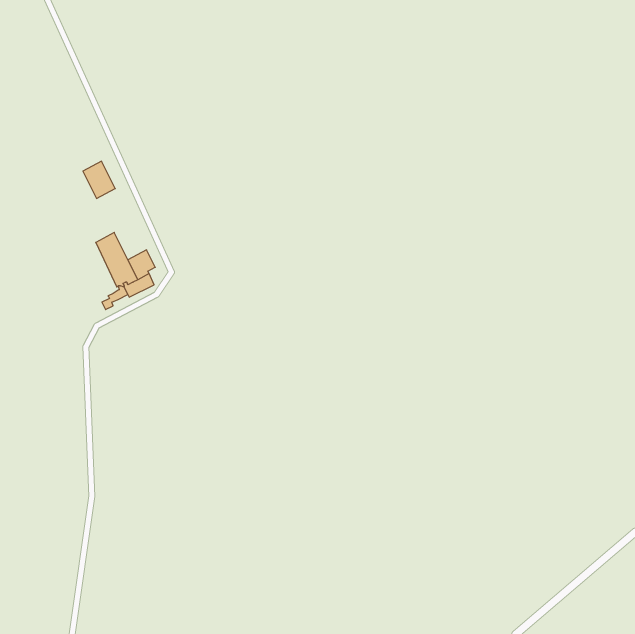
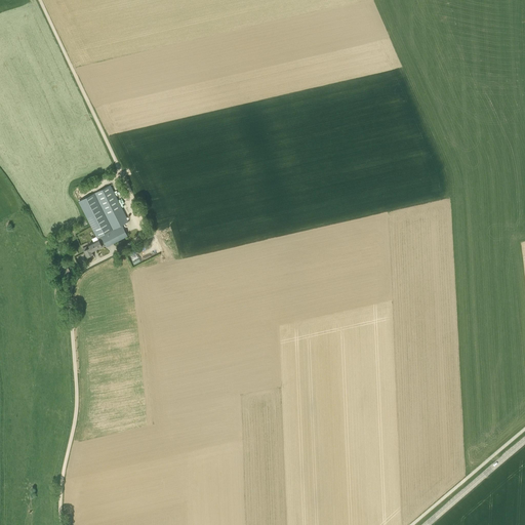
building: [83,161,115,198] -> [94,184,121,214]

